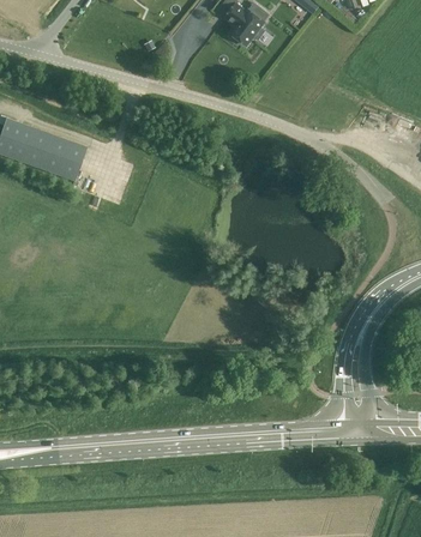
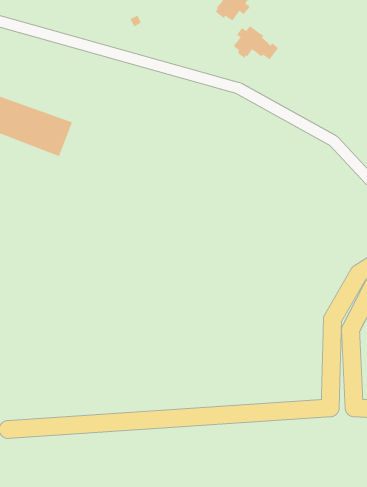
building: none -> [233,25,279,60]

